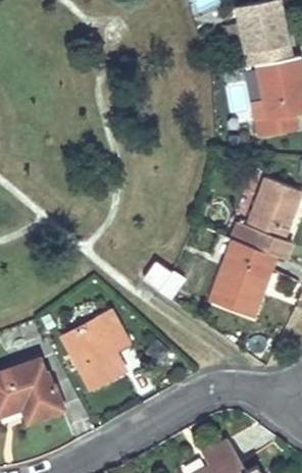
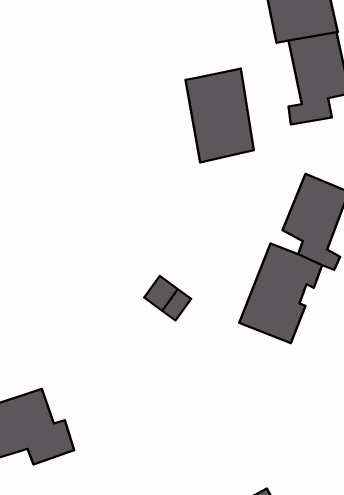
building: none -> [186,68,254,162]
building: [52,315,119,395] -> none

